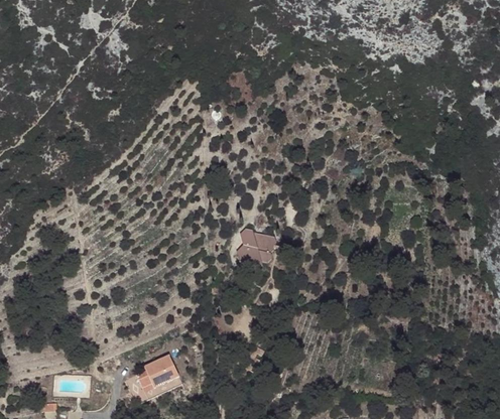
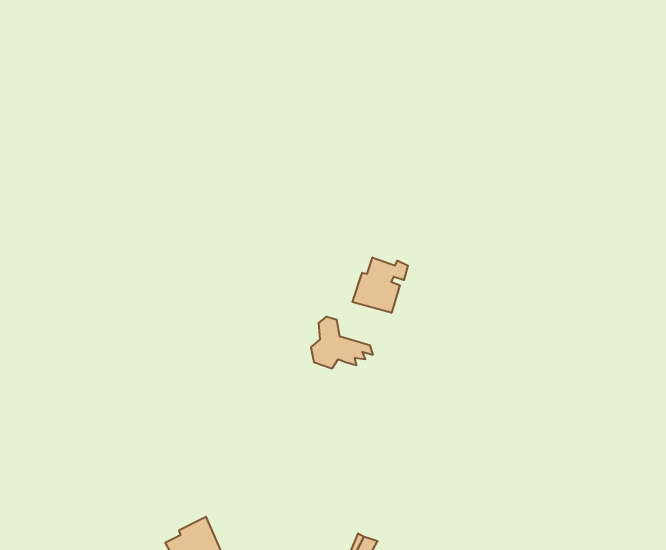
building: none -> [352,257,408,313]

